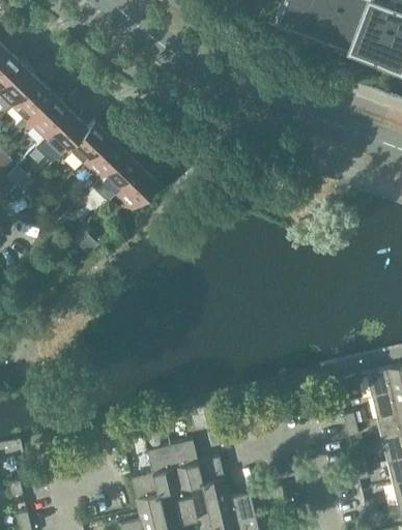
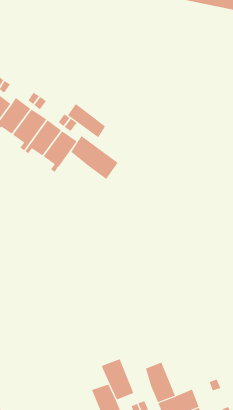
building: none -> [67,103,106,138]
building: none -> [70,135,119,180]
building: [173,443,204,492] -> none

